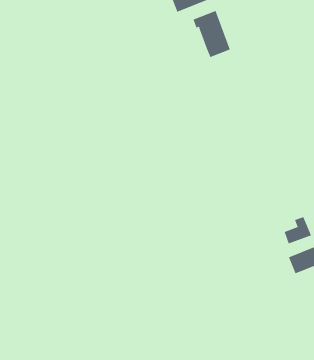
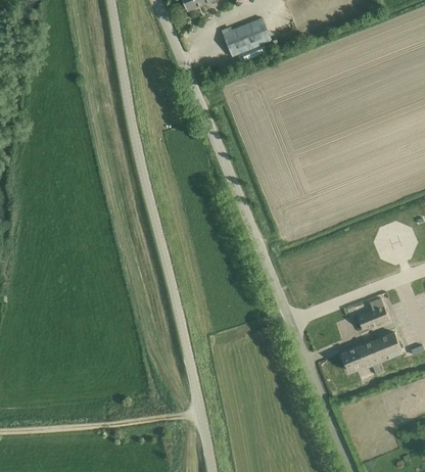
building: [193,10,231,58] -> none
building: none -> [341,345,371,370]

